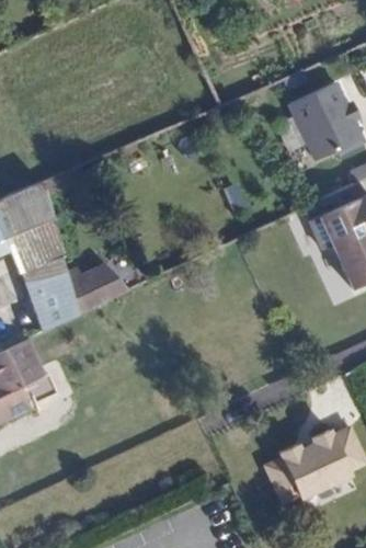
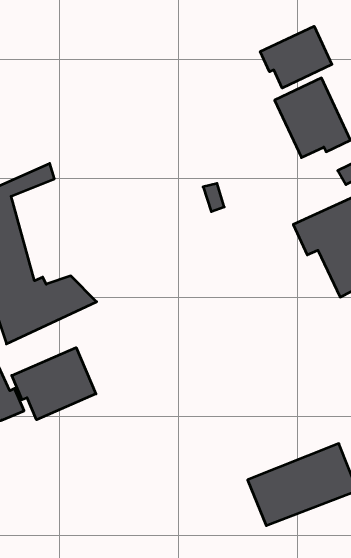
building: none -> [260,26,332,88]
building: none -> [12,348,96,420]

